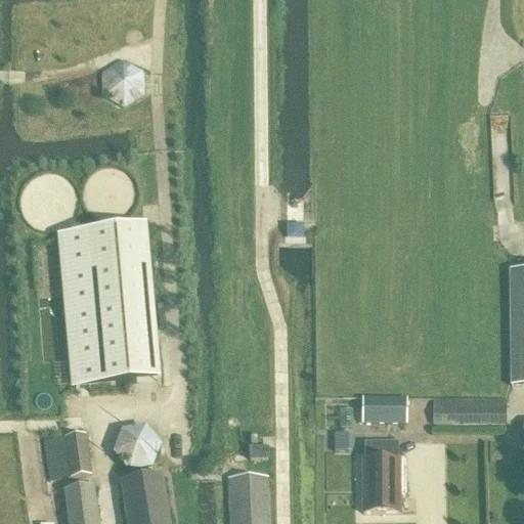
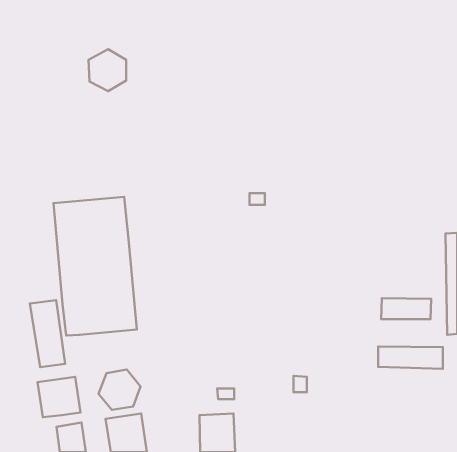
building: none -> [381,298,431,319]
building: none -> [30,300,65,367]
building: [361,396,407,420] -> none
building: [362,439,405,510] -> none

